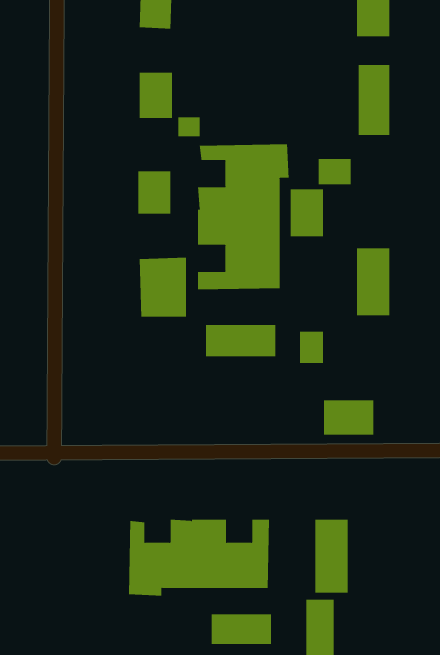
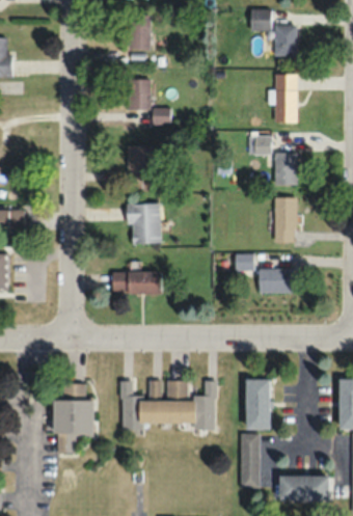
building: [197,143,289,290] -> none
building: [290,189,324,237] -> [275,153,298,185]
building: [205,324,276,357] -> [113,272,161,294]
building: [323,400,374,435] -> [259,269,293,293]
building: none -> [55,384,94,454]
building: [211,613,272,645] -> none

